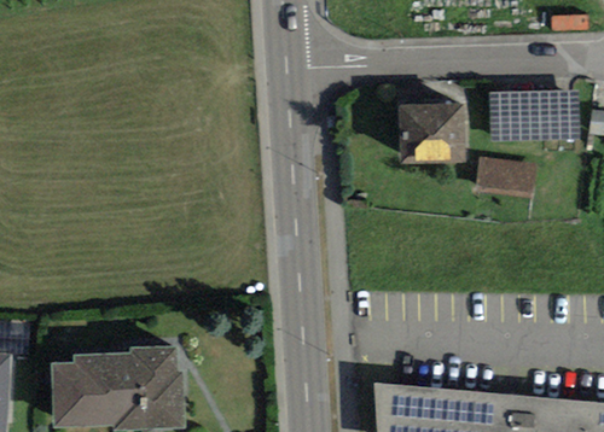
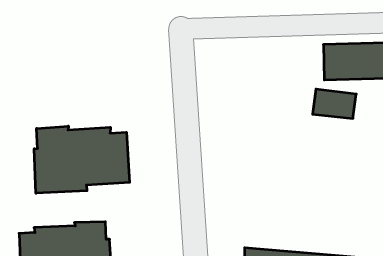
building: [399,101,465,163] -> none
building: none -> [34,126,130,193]

